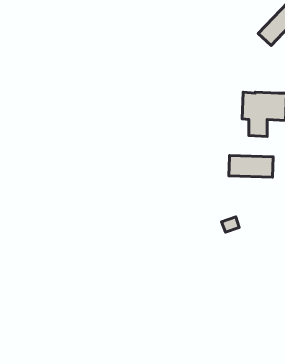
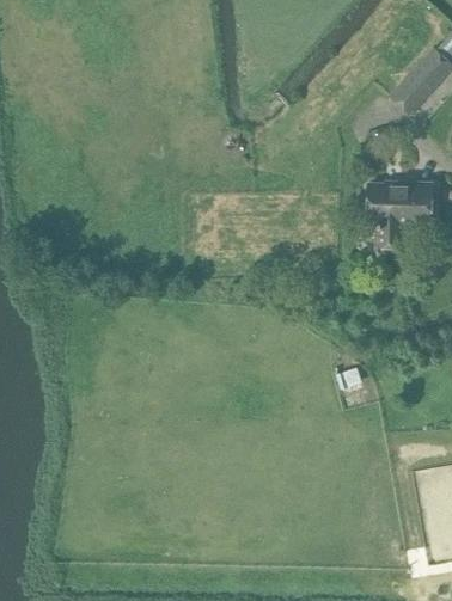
building: [229,156,273,177] -> none

